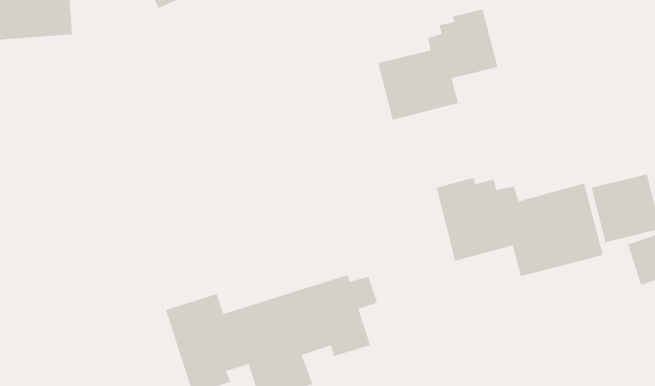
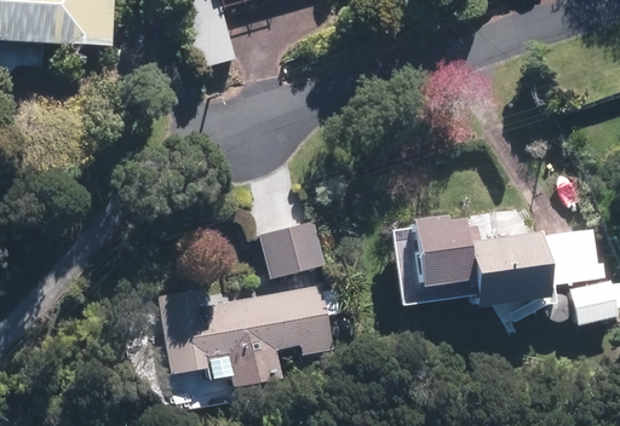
building: [378,8,498,121] -> none
building: none -> [259,220,323,280]

